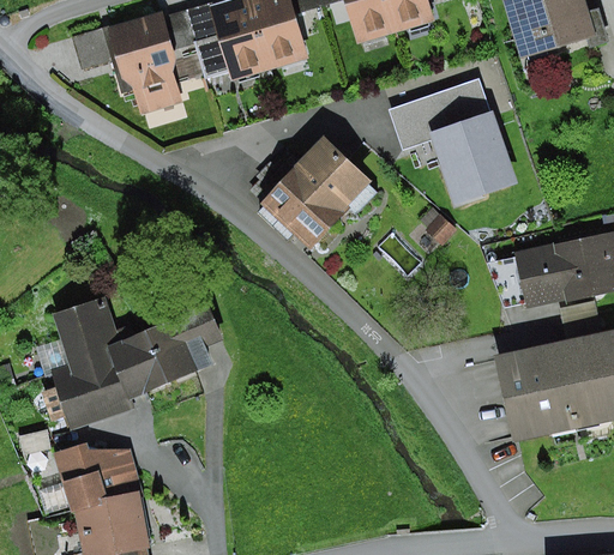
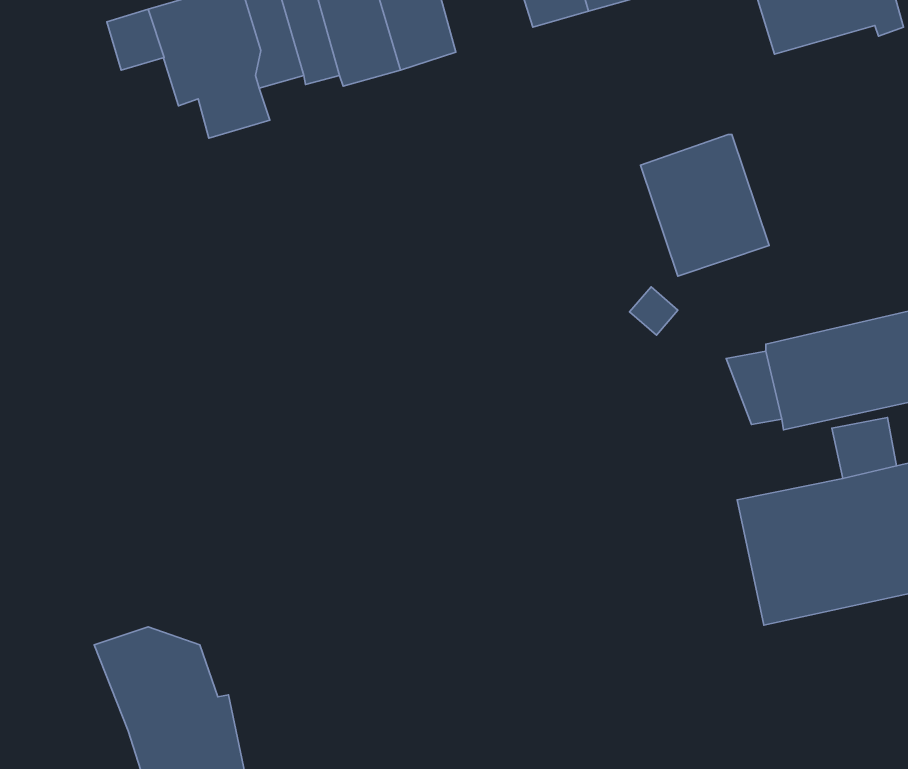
building: [387,80,488,144] -> none
building: [260,137,374,248] -> none
building: [64,291,235,423] -> none

